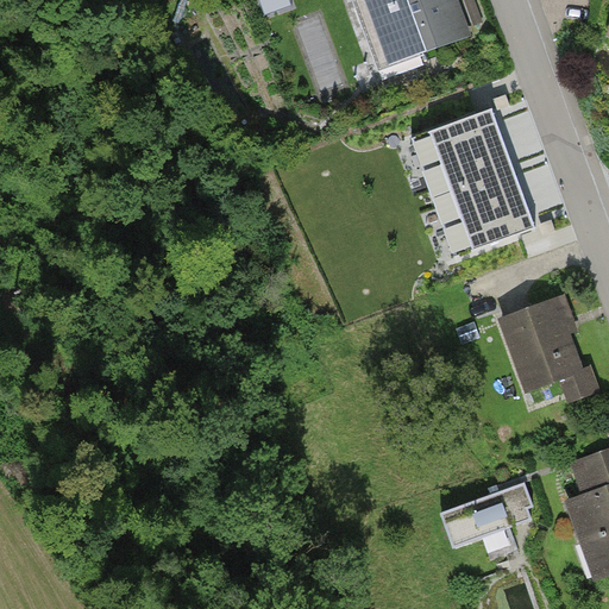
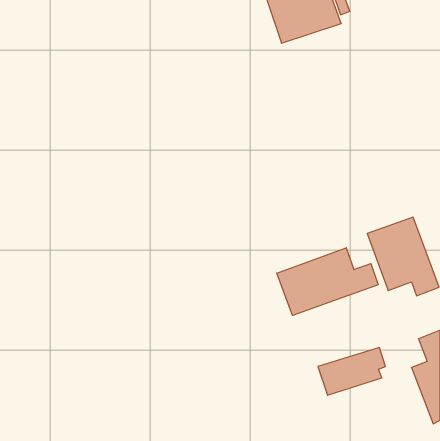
building: [409,109,534,257] -> none
building: none -> [277,248,378,315]

